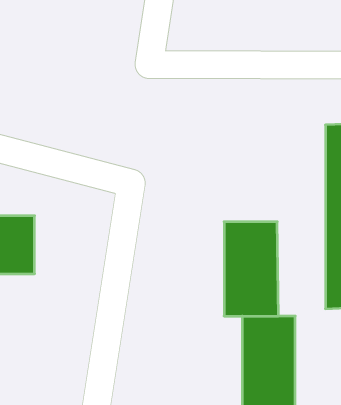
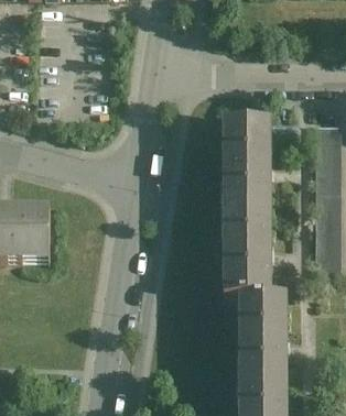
building: none -> [221,117,271,206]

